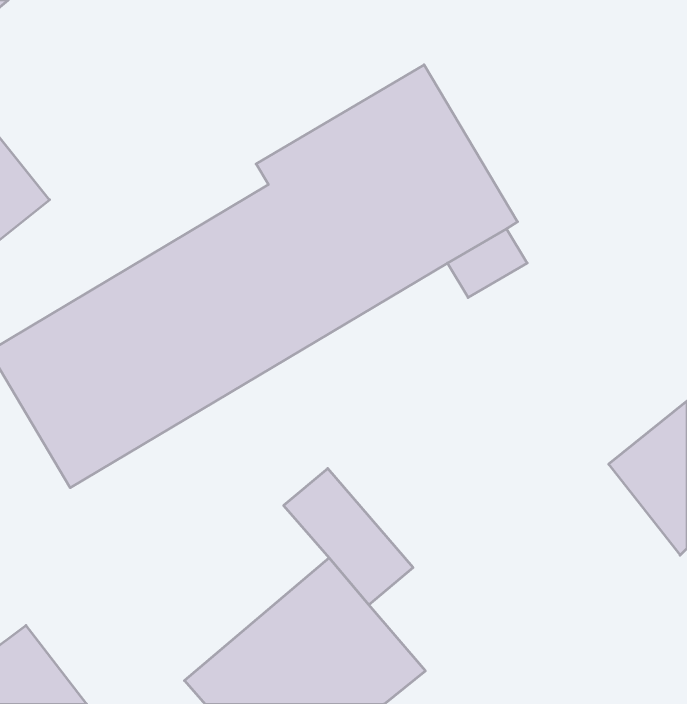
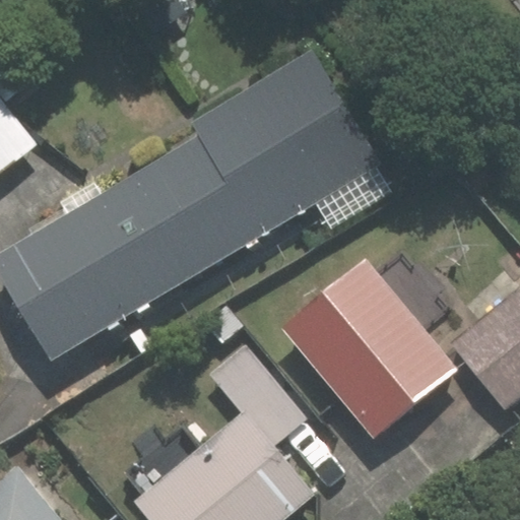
building: none -> [280,258,456,438]

